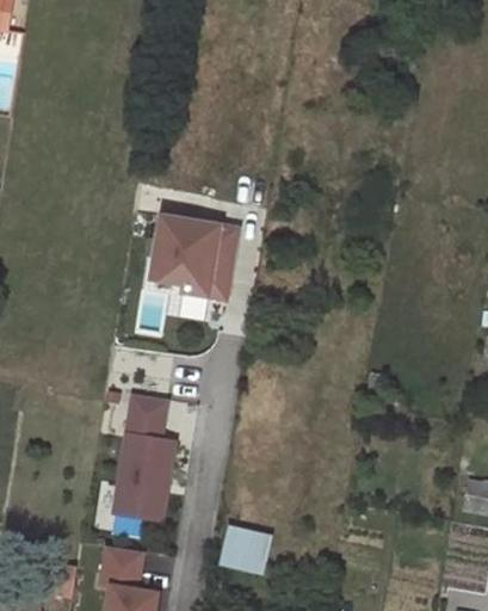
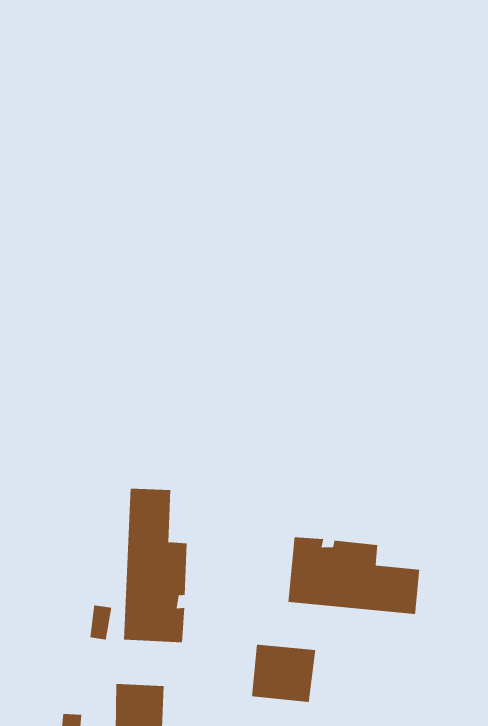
building: [152,214,234,298] -> none
building: none -> [288,537,420,615]

